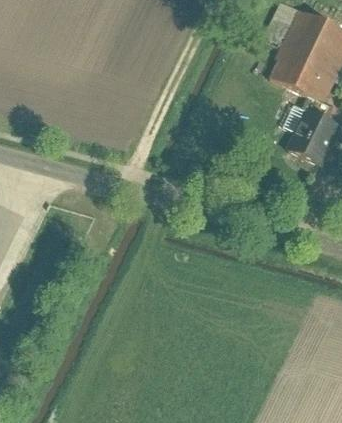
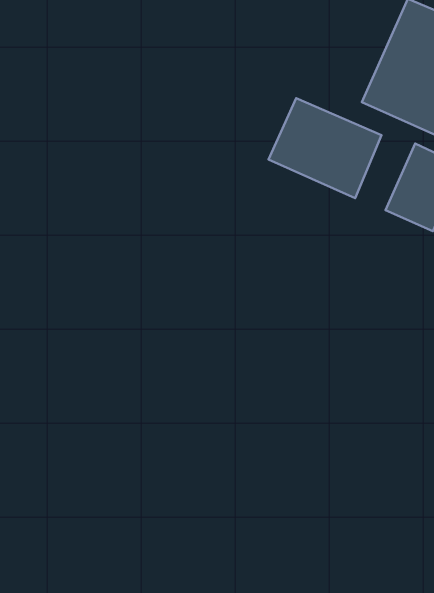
building: none -> [268,98,381,198]

